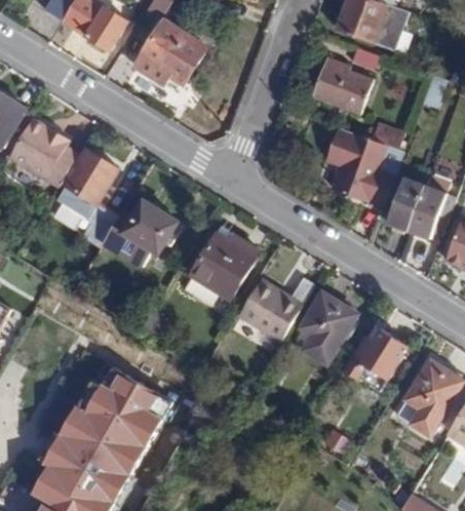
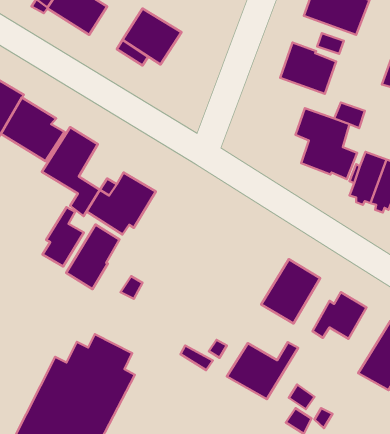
building: [194,233,260,297] -> none
building: none -> [43,207,84,267]
building: none -> [66,225,120,289]
building: [239,278,316,340] -> [227,342,298,399]

